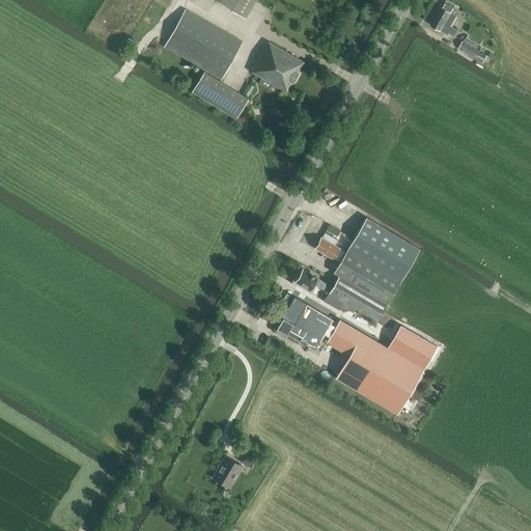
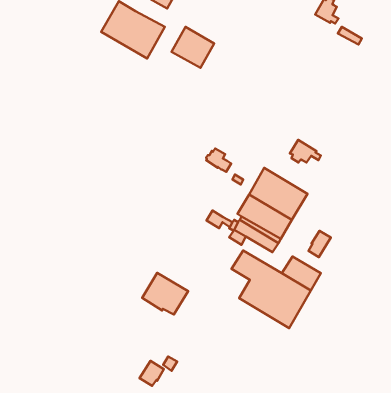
building: [192,71,248,118] -> none
building: none -> [290,140,321,162]
building: [314,233,345,262] -> [206,148,231,172]
building: none -> [309,231,331,257]
building: [276,296,333,347] -> [142,273,188,315]

